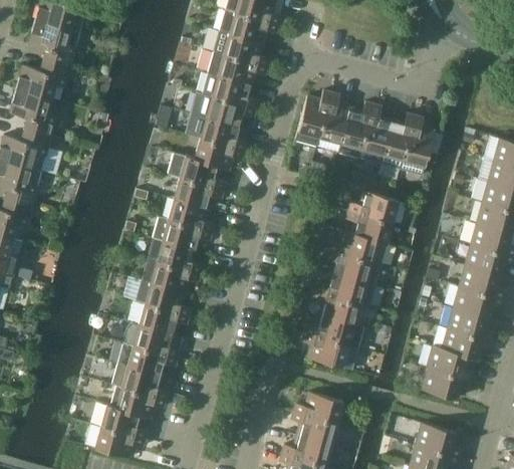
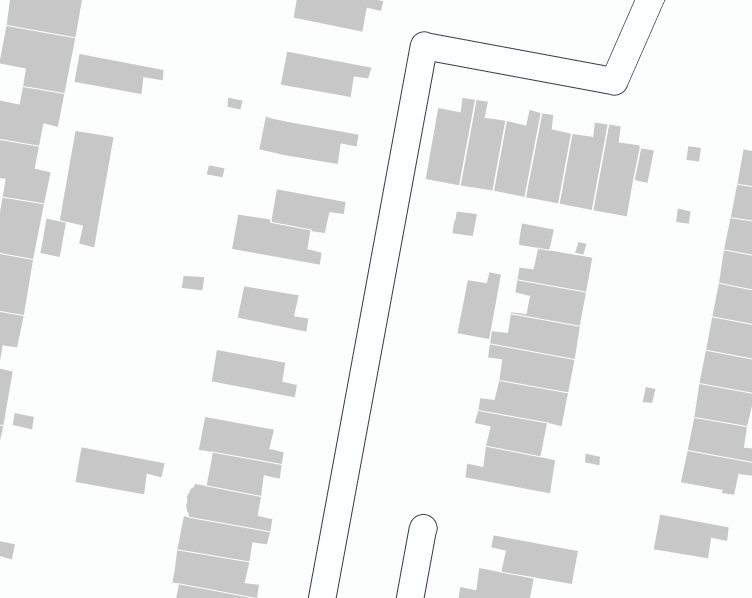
building: [213,29,269,65] -> none
building: none -> [74,53,164,95]
building: [201,71,257,107] -> none
building: none -> [59,130,114,248]
building: [184,111,246,150] -> none
building: [173,177,223,207] -> none
building: none -> [457,272,501,340]
building: [152,216,211,249] -> none
building: [141,257,200,291] -> [74,447,166,495]
building: [301,332,357,369] -> [491,535,579,584]
building: [426,344,472,379] -> none

